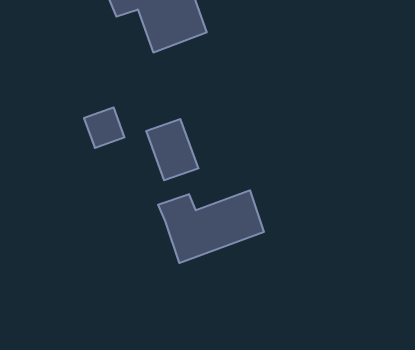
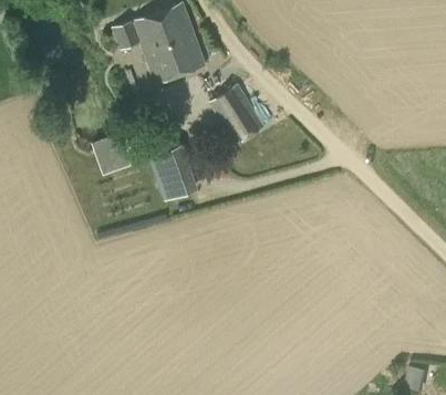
building: none -> [211,85,267,146]
building: [158,190,264,263] -> none

